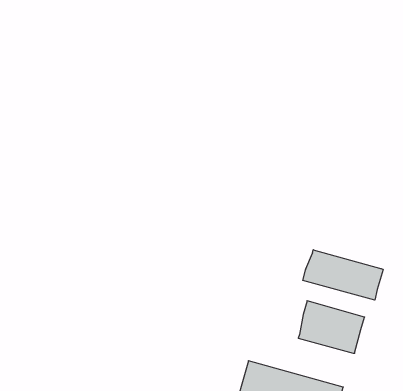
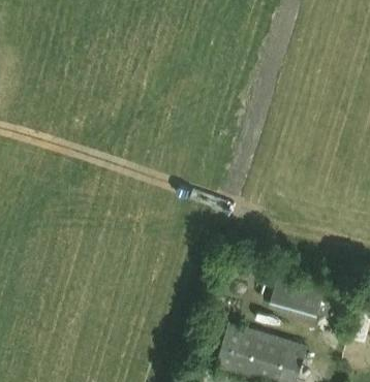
building: [303,250,383,300] -> none

